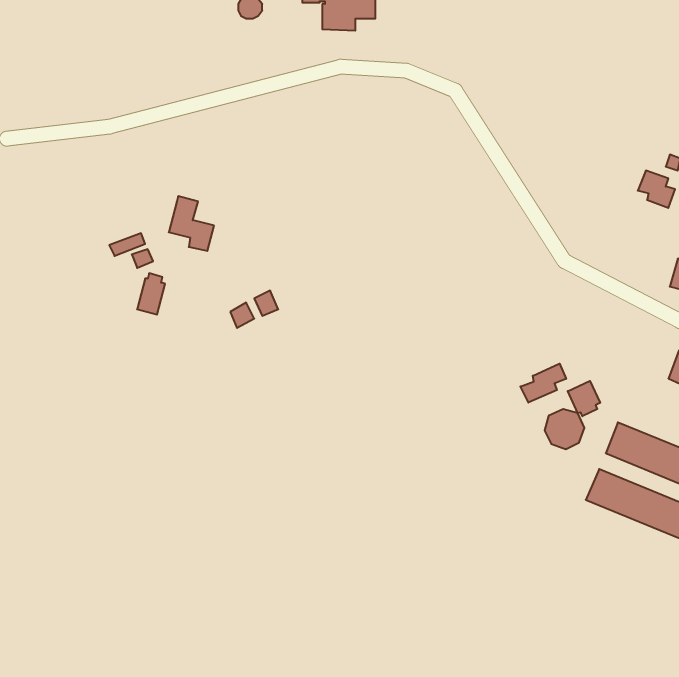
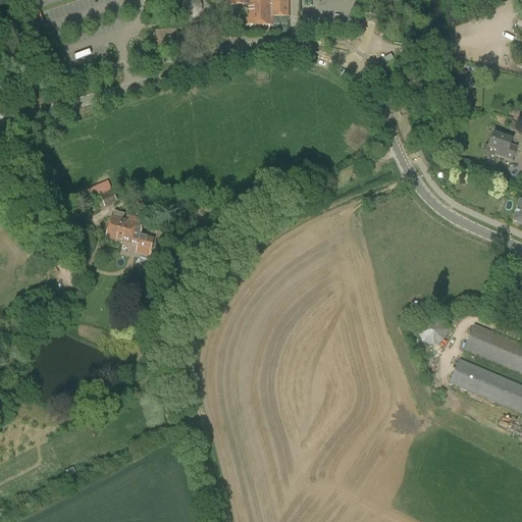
building: [169,196,214,251] -> [121,213,156,255]
building: [520,364,566,403] -> none
building: [568,381,600,416] -> none

